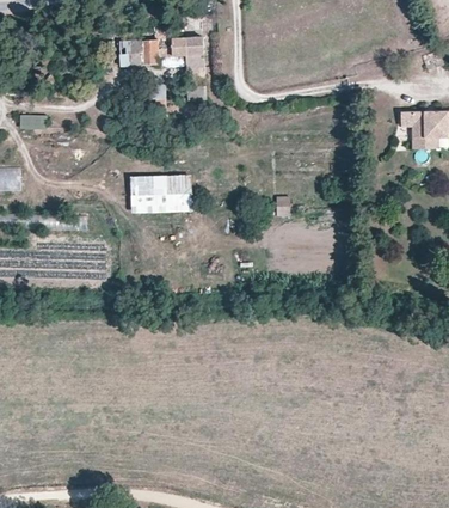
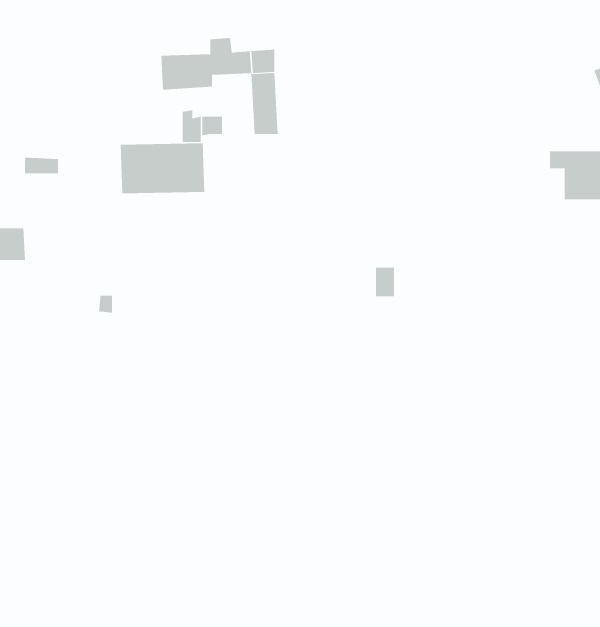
building: [129,175,191,212] -> [120,143,205,194]

